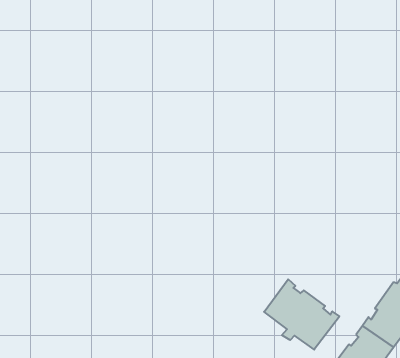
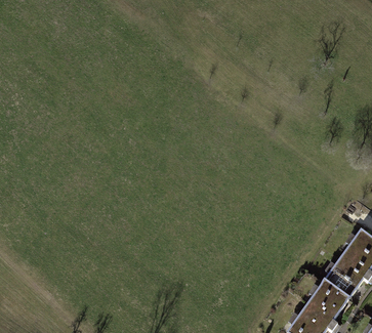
building: [264,279,339,350] -> none

